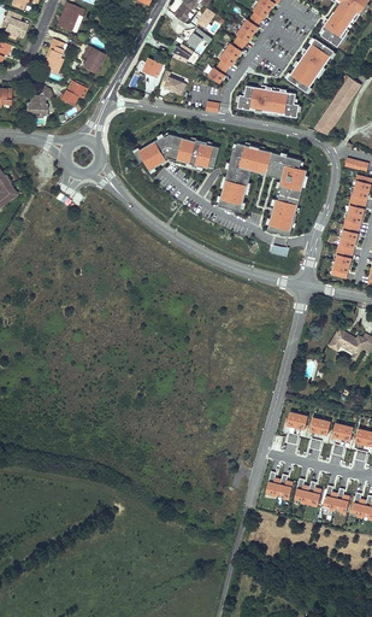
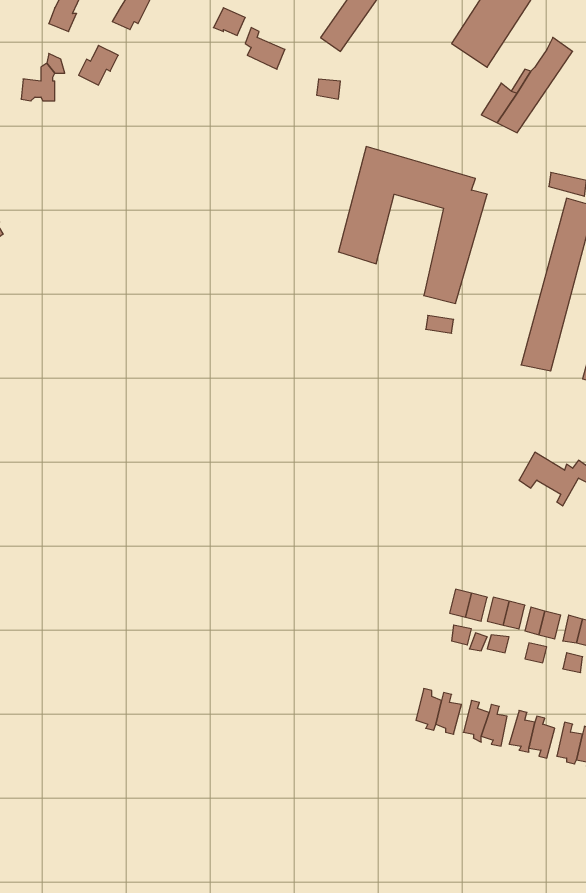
building: [238,87,300,118] -> none
building: [135,135,219,171] -> none

